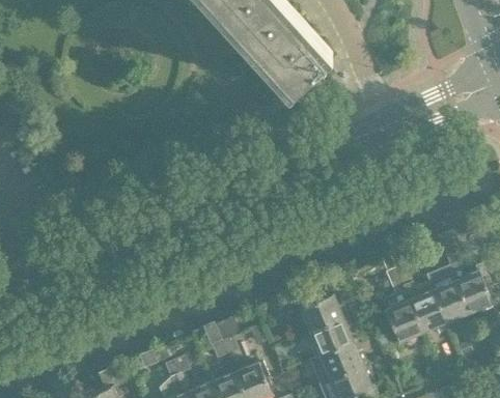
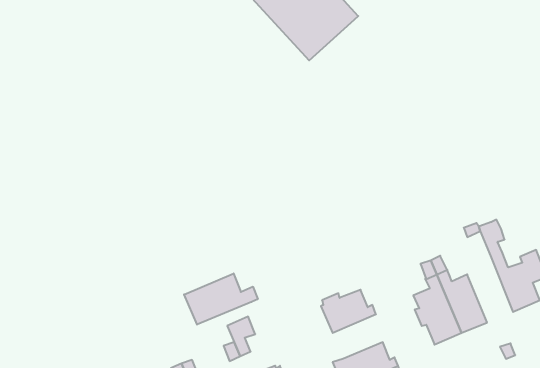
building: [425,265,469,324] -> none
building: none -> [184,273,258,325]
building: [309,317,354,357] -> none

